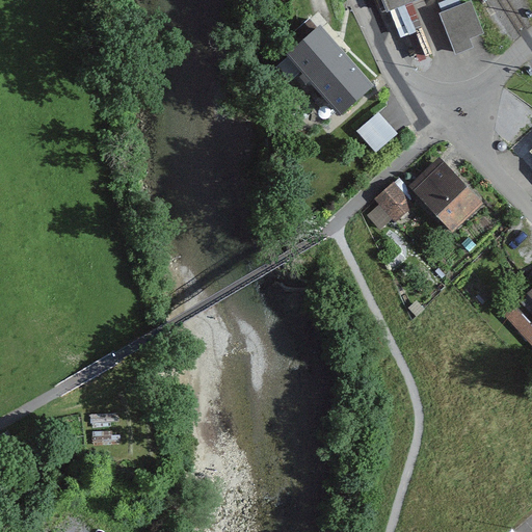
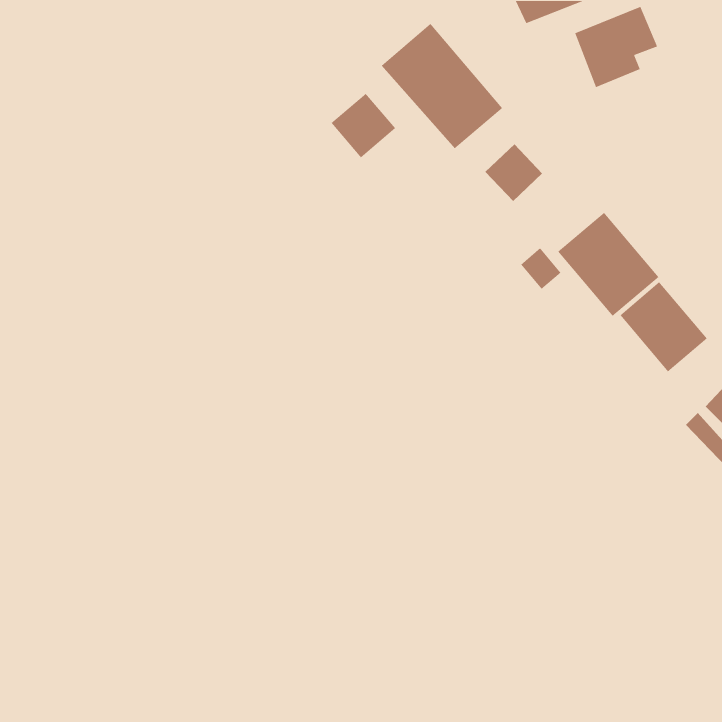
building: none -> [331,93,396,158]
building: none -> [619,281,708,372]

